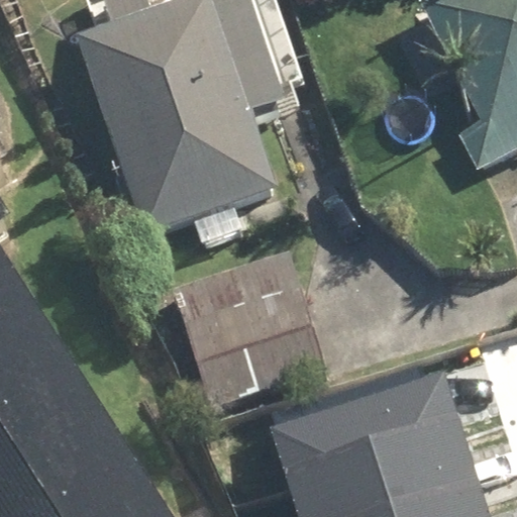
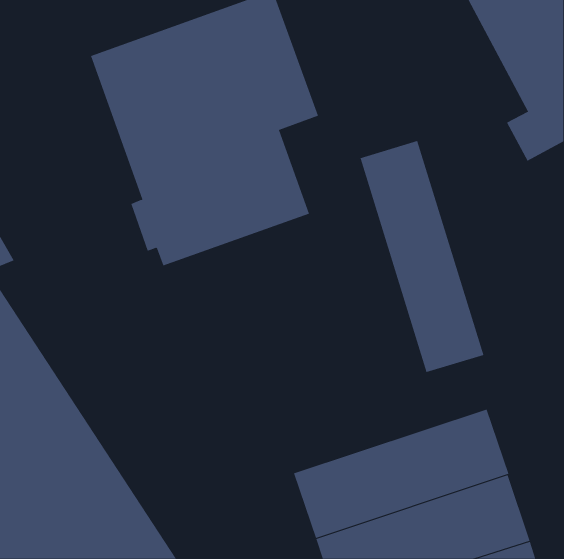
building: none -> [359,140,484,373]
building: [173,252,326,406] -> none

